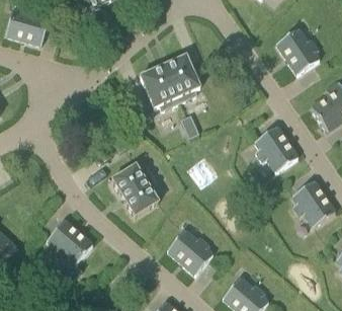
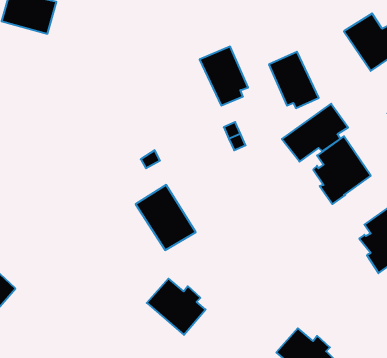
building: [140,64,179,108] -> [269,52,319,108]
building: none -> [282,104,348,162]
building: [47,219,93,263] -> none
building: [167,229,213,274] -> [147,279,206,335]

